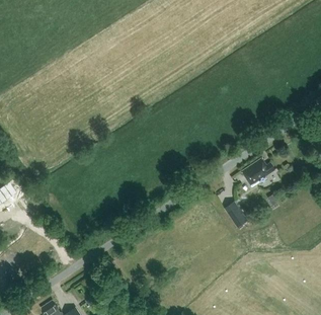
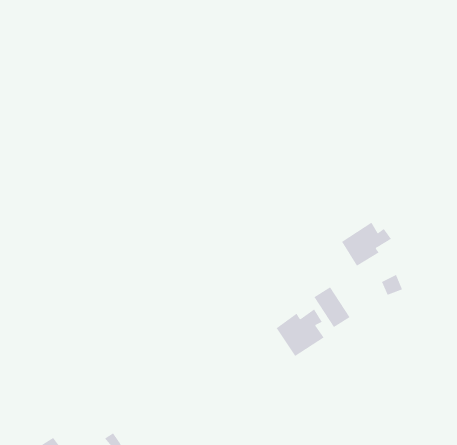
building: none -> [276,309,325,357]

